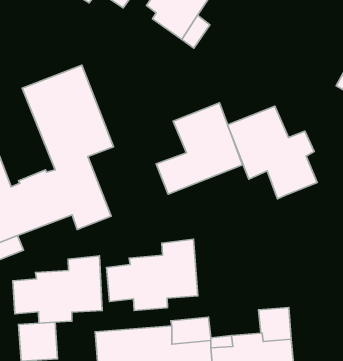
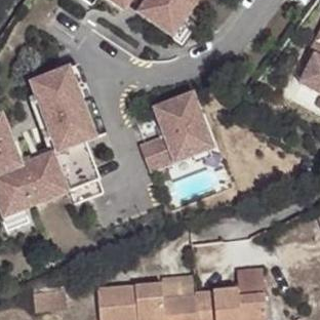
building: [228,106,317,199] -> none
building: [106,239,198,311] -> none
building: [13,256,102,323] -> none

